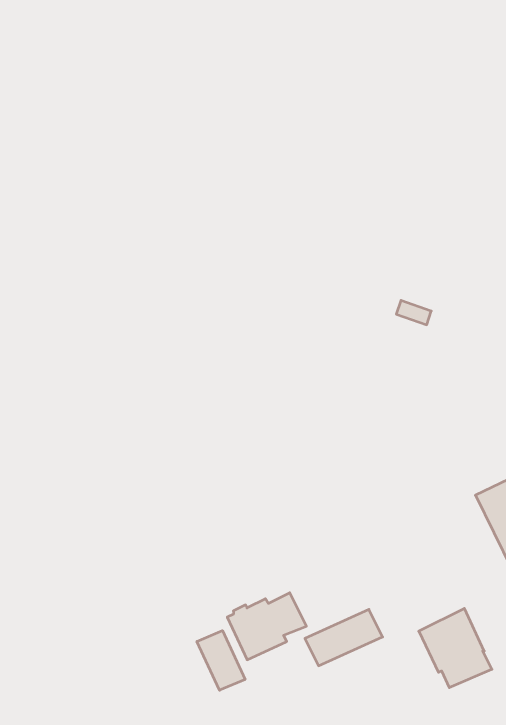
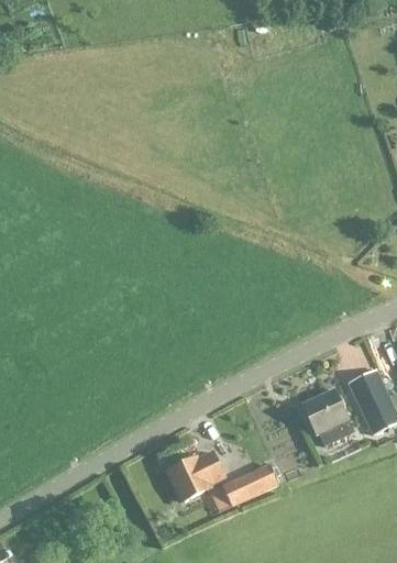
building: [419,608,492,688] -> [300,388,353,445]
building: [197,631,245,690] -> none

